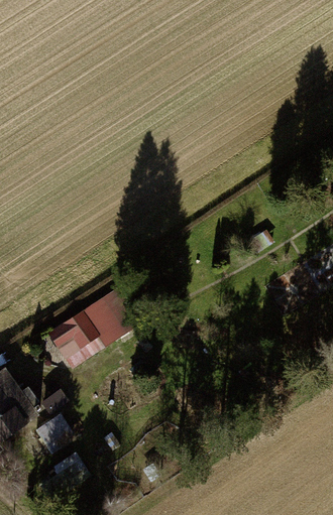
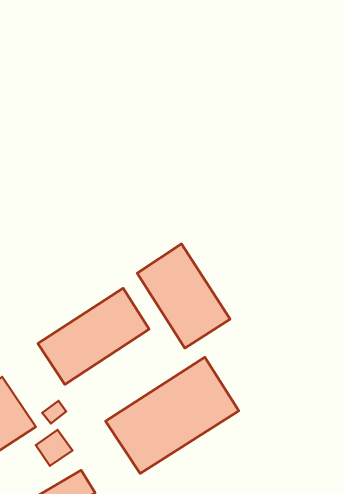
building: none -> [137,244,230,348]
building: none -> [106,357,239,474]

